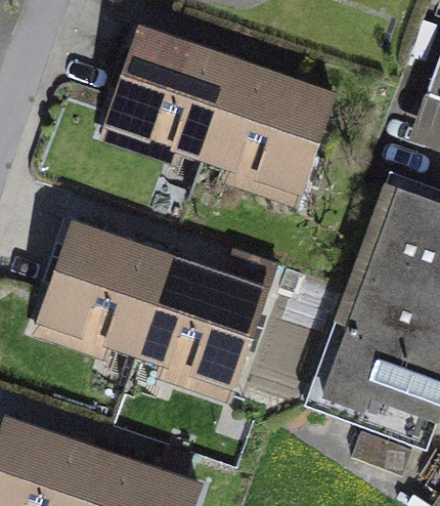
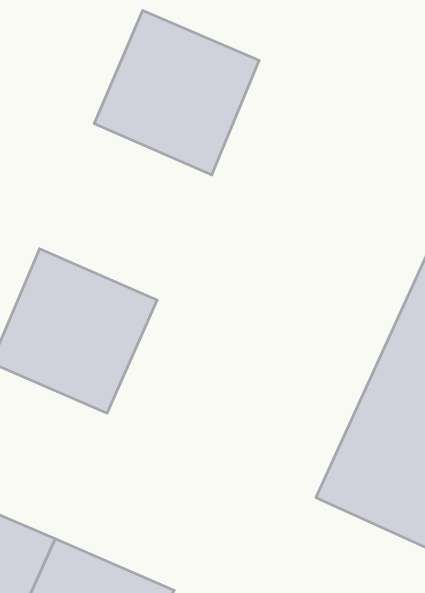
building: [208,65,338,192] -> none
building: [139,260,270,386] -> none

